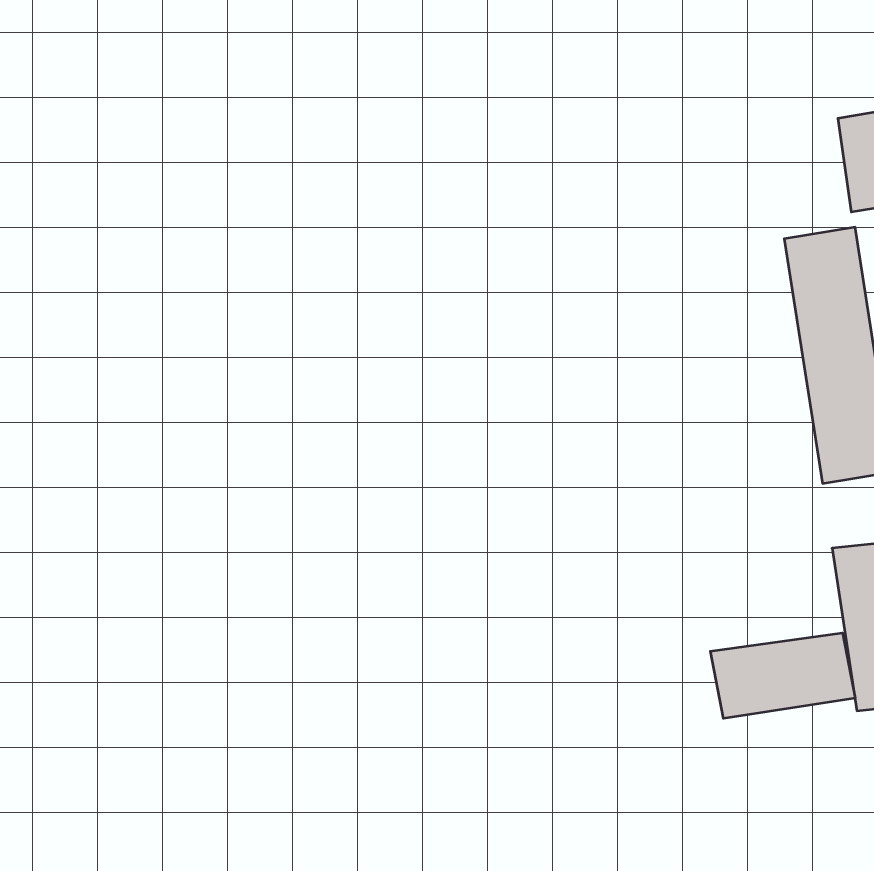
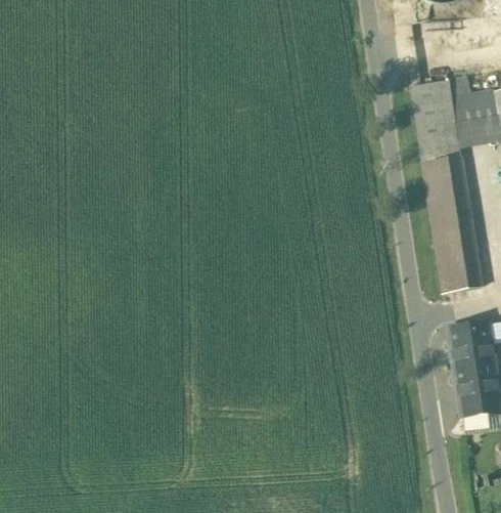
building: none -> [410,79,460,161]
building: [710,633,855,718] -> none

